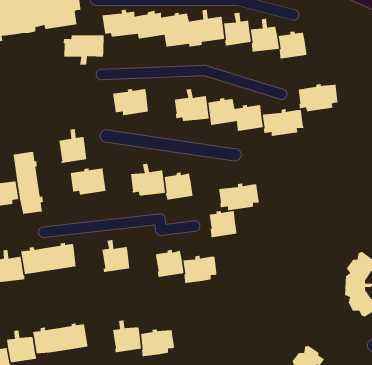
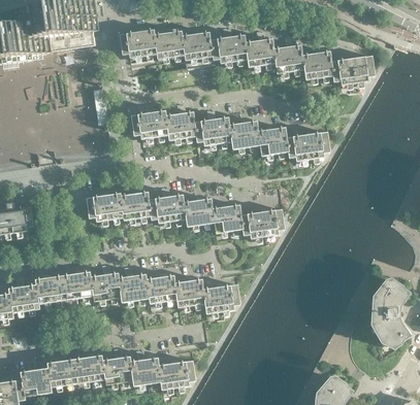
building: [63,35,104,66] -> none
building: none -> [166,104,196,140]
building: [298,83,339,112] -> [331,56,375,86]
building: [59,128,87,164] -> [121,183,151,221]
building: [12,151,44,215] -> none
building: [209,210,238,238] -> [213,204,243,233]
building: none -> [91,265,122,301]
building: none -> [147,274,177,303]
building: none -> [102,348,133,384]

